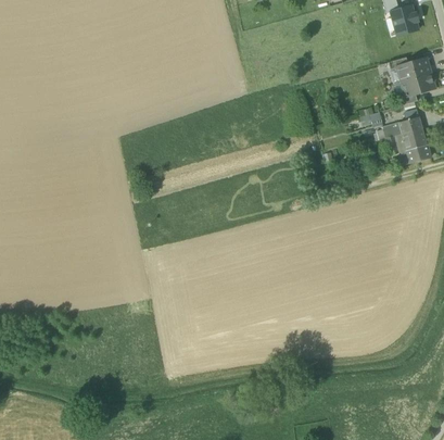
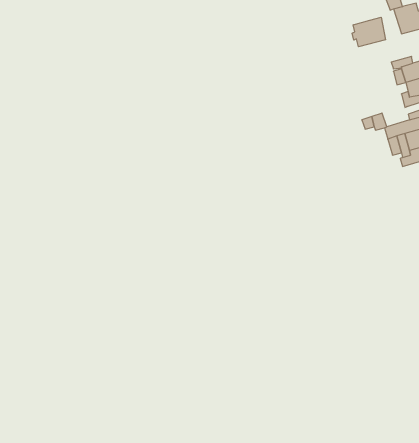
building: none -> [352,17,385,47]

